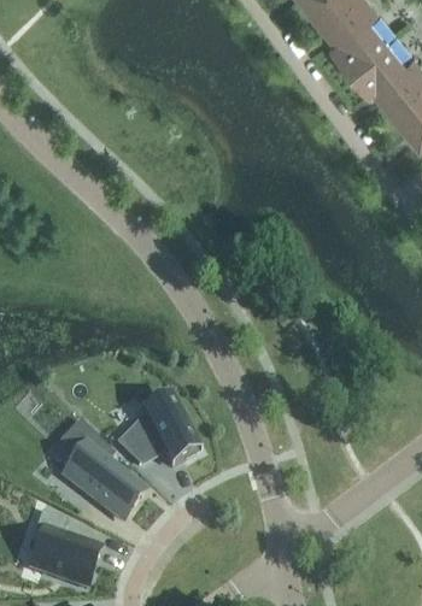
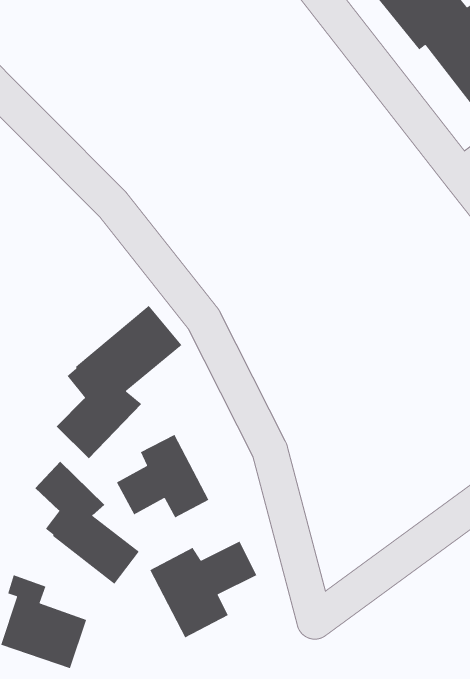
building: none -> [56,305,182,459]
building: none -> [149,540,257,638]

